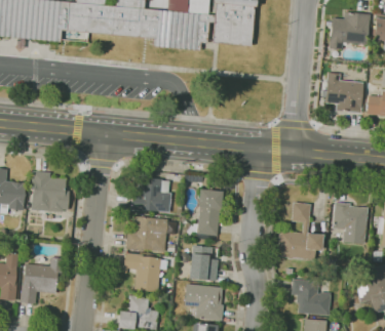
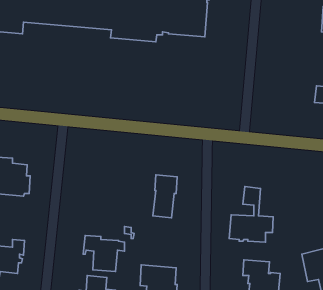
building: [330,11,370,49] -> none
building: [324,73,363,113] -> none
building: [130,176,171,212] -> none
building: [333,202,368,243] -> none
building: [125,216,167,252] -> none
building: [189,246,219,281] -> none

